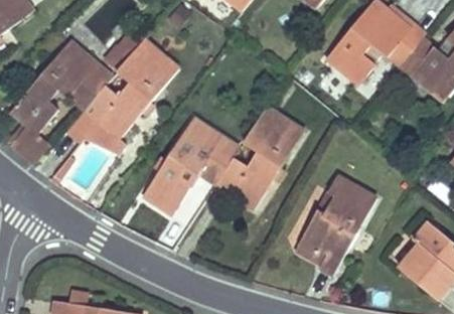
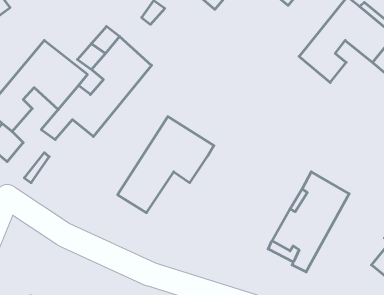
building: [216,108,304,209] -> none

